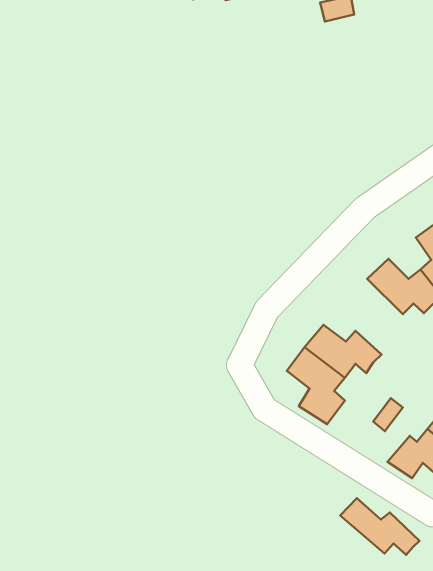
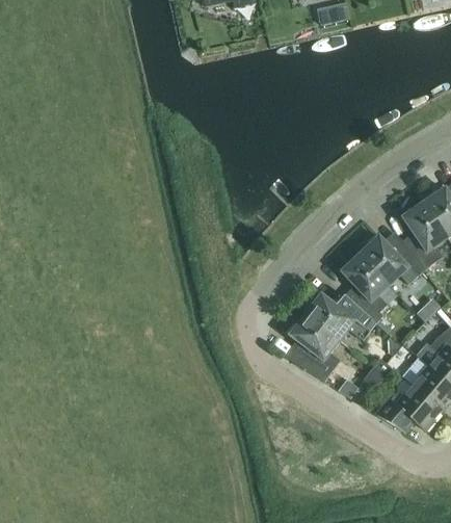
building: none -> [341,252,391,321]
building: [340,498,419,555] -> none

